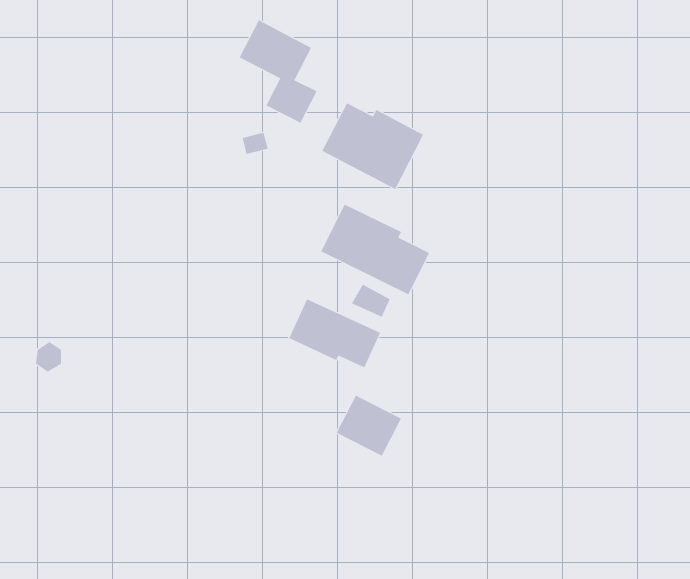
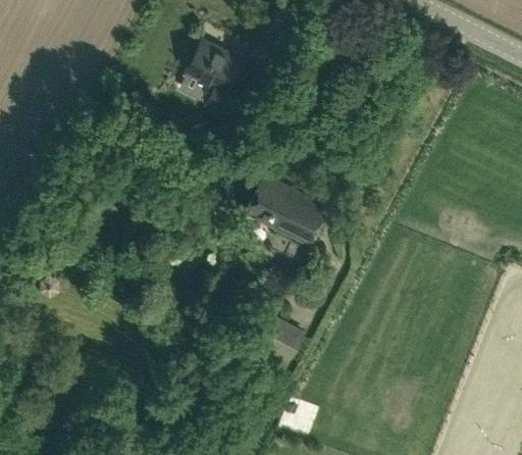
building: [322,102,424,190] -> none
building: [288,298,381,368] -> none

